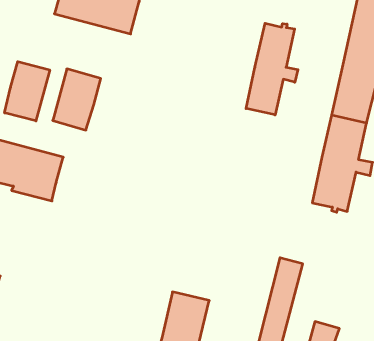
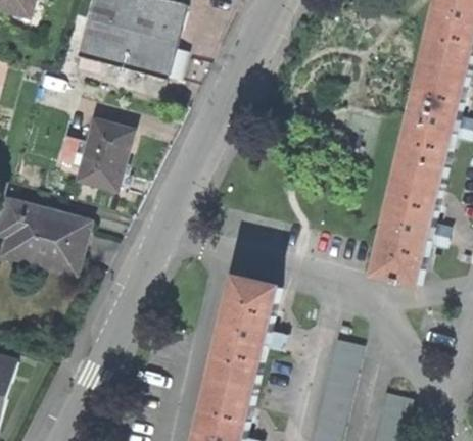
building: [246,23,298,115] -> none
building: [5,62,50,121] -> none
building: none -> [211,276,283,387]

